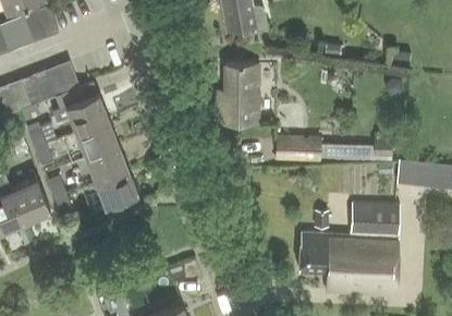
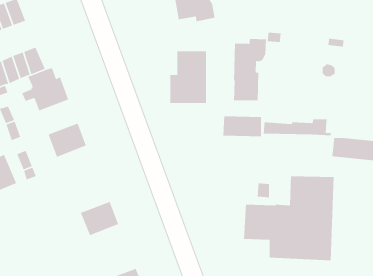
building: none -> [233,38,267,101]
building: [73,119,117,157] -> none
building: [93,170,136,209] -> [80,201,119,236]

